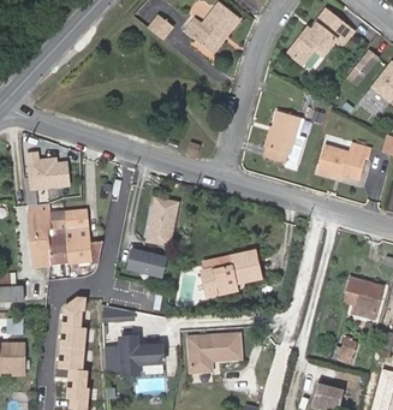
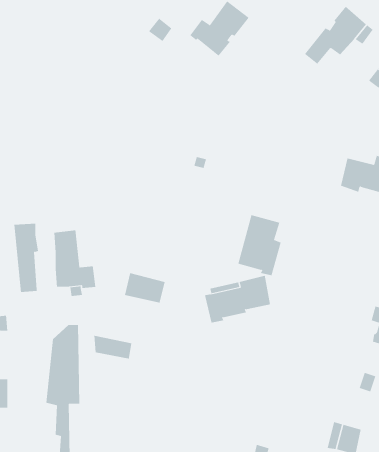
building: [267,109,306,165] -> [238,214,282,276]
building: [26,153,70,190] -> none
building: [149,198,178,243] -> none
building: [48,212,67,263] -> none
building: [190,332,242,372] -> none
building: [103,334,162,374] -> none

